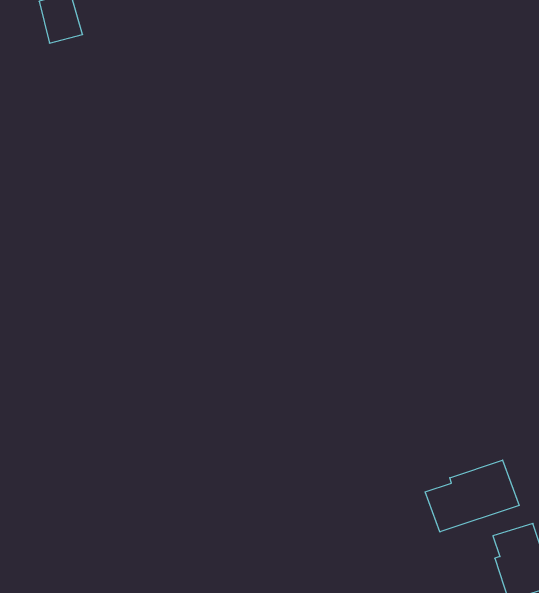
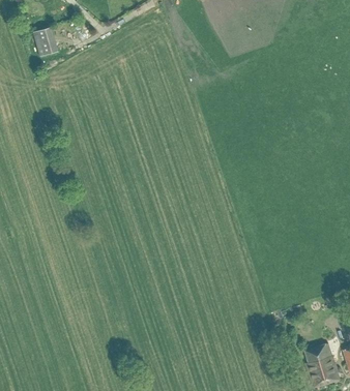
building: [425,460,519,532] -> none

